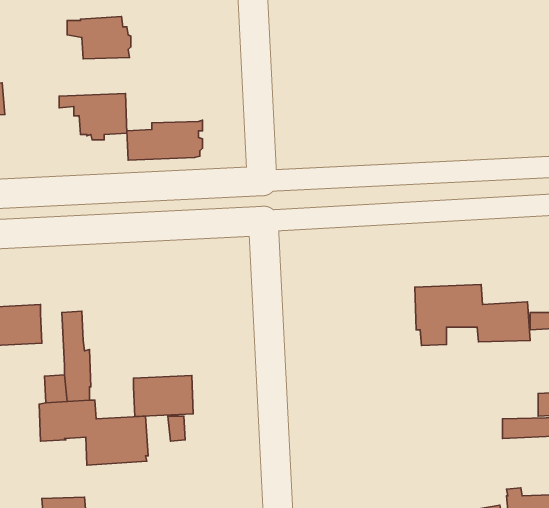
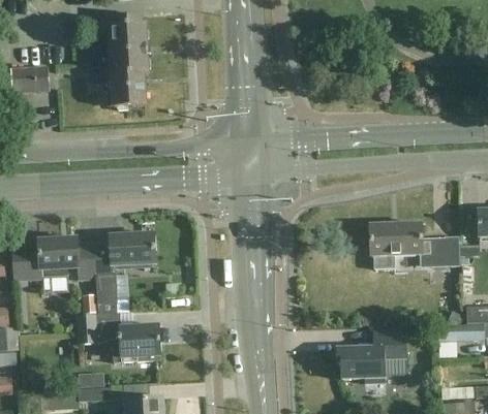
building: [127,120,202,160] -> [92,44,151,75]
building: none -> [79,244,97,285]
building: [133,375,193,417] -> [111,233,157,265]
building: none -> [338,327,408,382]

